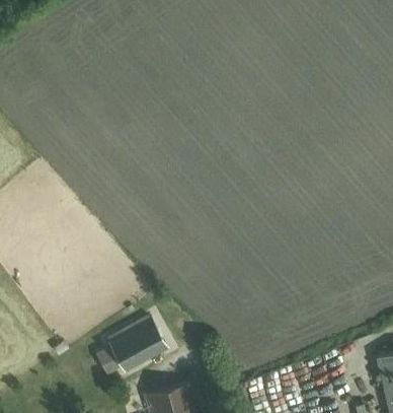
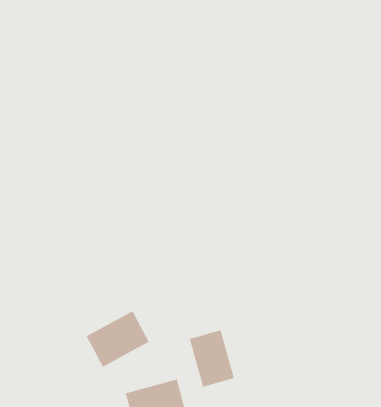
building: none -> [189,329,234,387]

